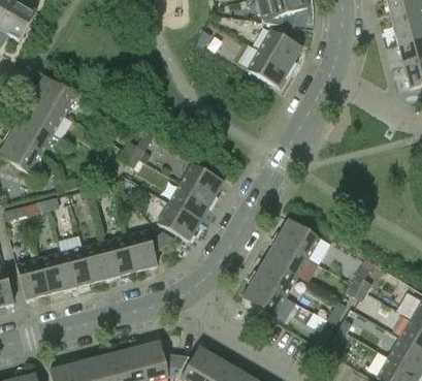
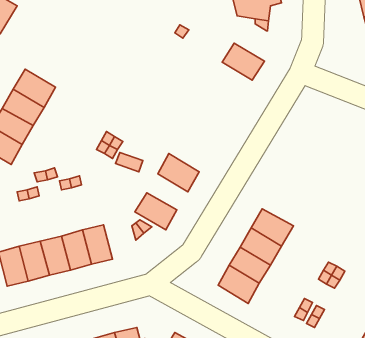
building: [260,28,303,67] -> none
building: [170,183,213,220] -> none
building: [126,229,158,271] -> none

